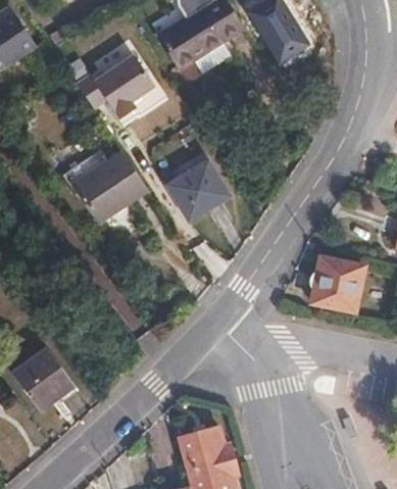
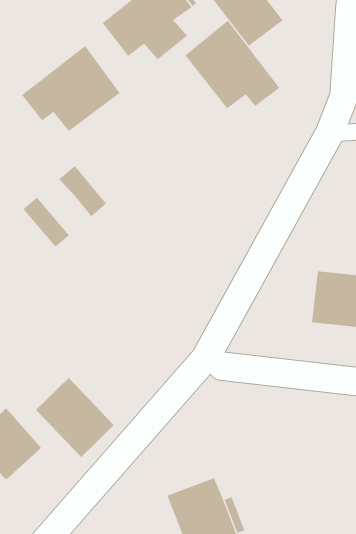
building: none -> [184,20,280,109]
building: [90,160,134,208] -> none
building: [166,160,229,218] -> none
building: none -> [35,377,114,458]

